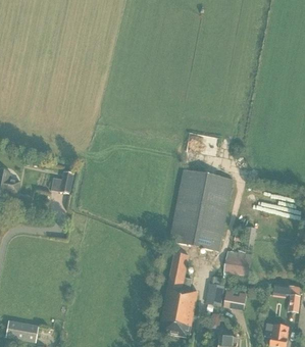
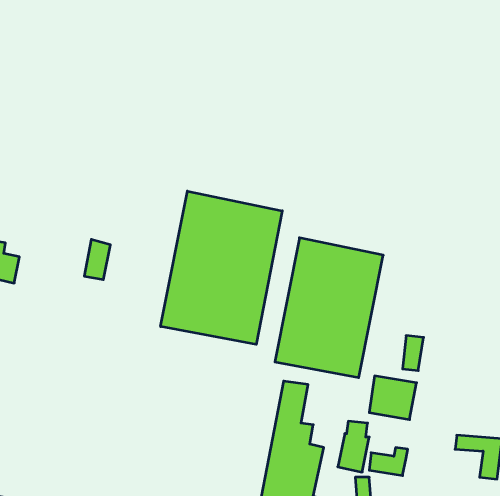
building: none -> [161,191,282,344]

